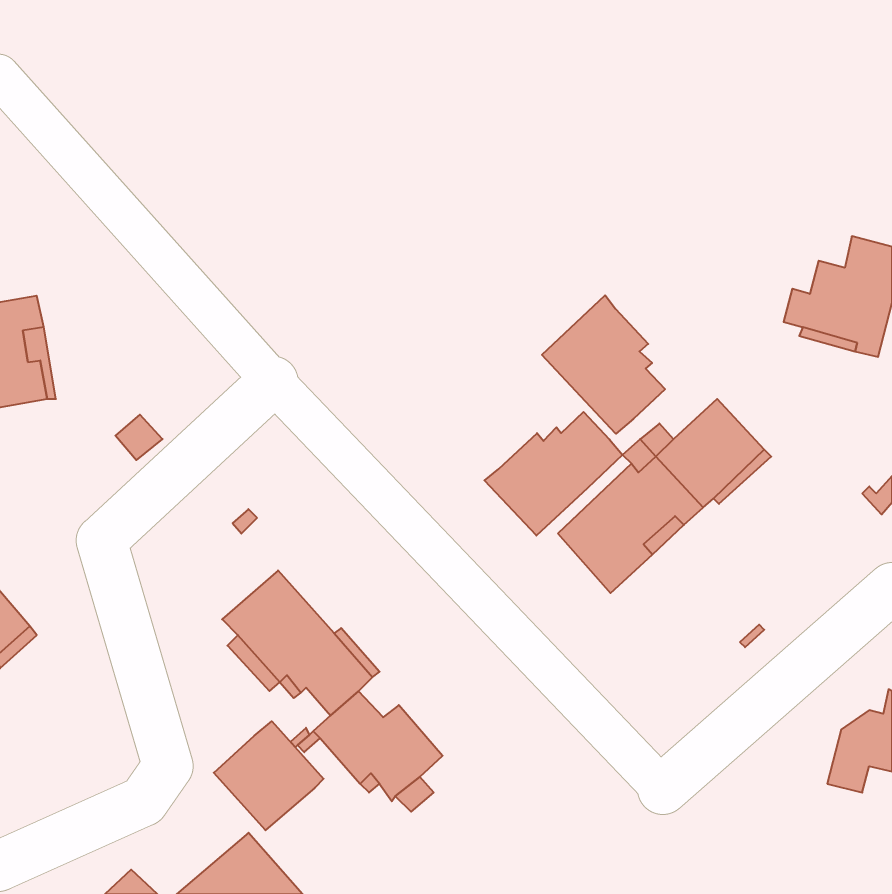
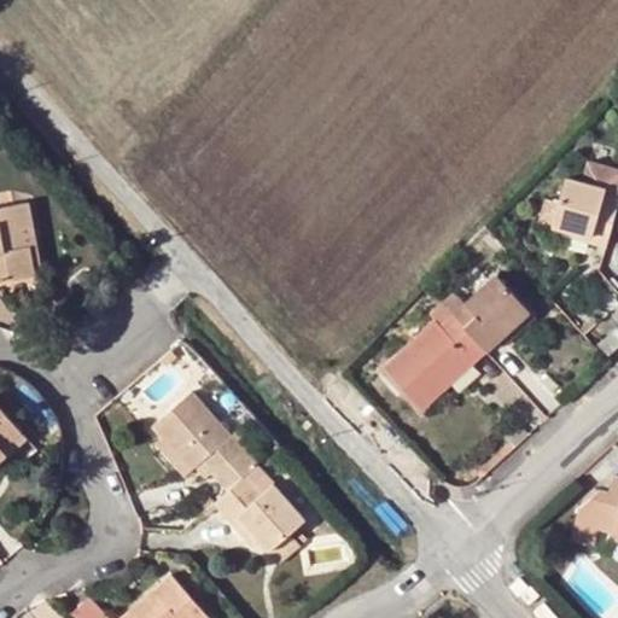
building: [542,295,665,434] -> none
building: [484,412,623,536] -> none
building: [214,721,324,830] -> none

